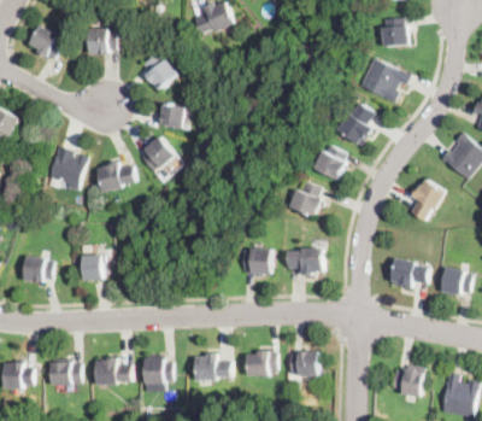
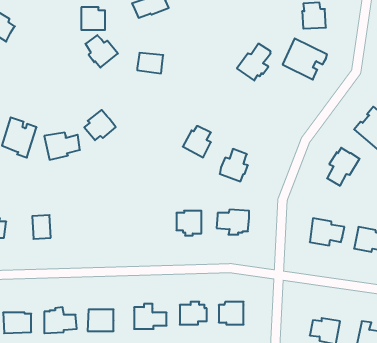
building: [88,28,114,53] -> [81,7,105,30]
building: [337,103,375,144] -> [237,44,271,81]
building: [155,104,184,127] -> [137,53,163,73]
building: [315,145,346,180] -> [183,126,211,157]

